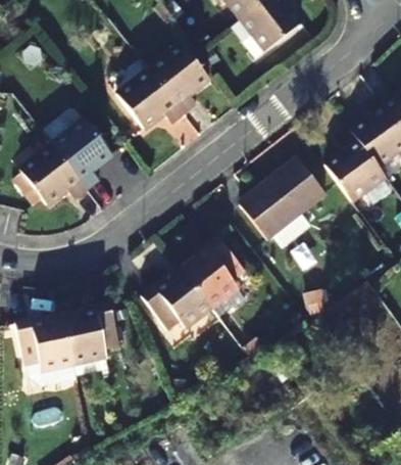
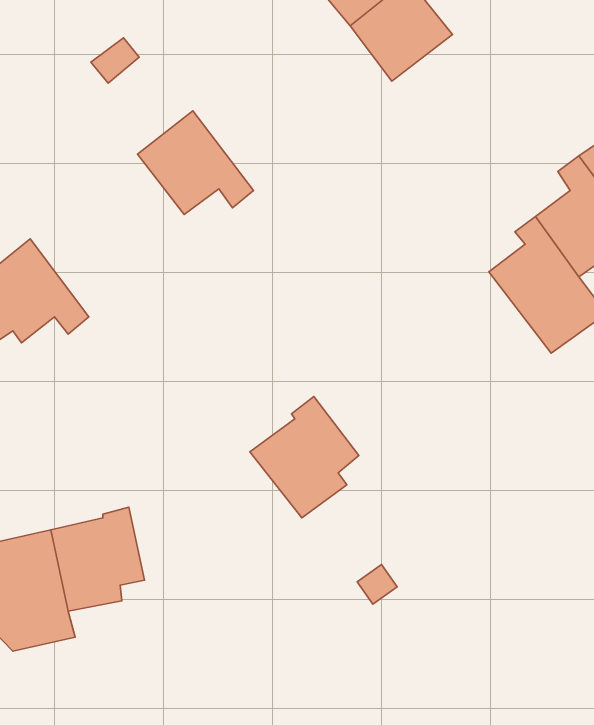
building: [148,43,208,115] -> none
building: [52,120,110,190] -> none
building: [240,157,325,240] -> none
building: [141,270,212,332] -> none

